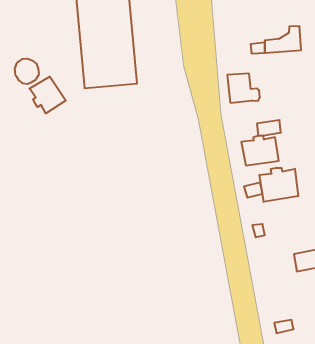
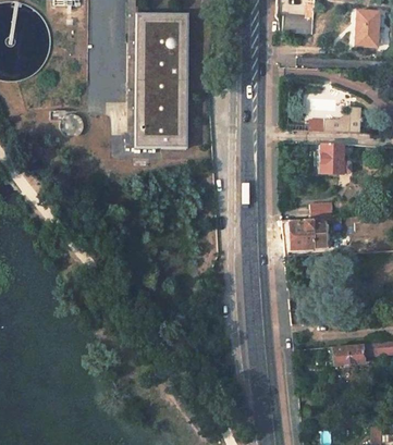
building: [227,74,260,103] -> [320,143,352,173]
building: [29,77,66,113] -> none
building: [260,168,298,202] -> none

